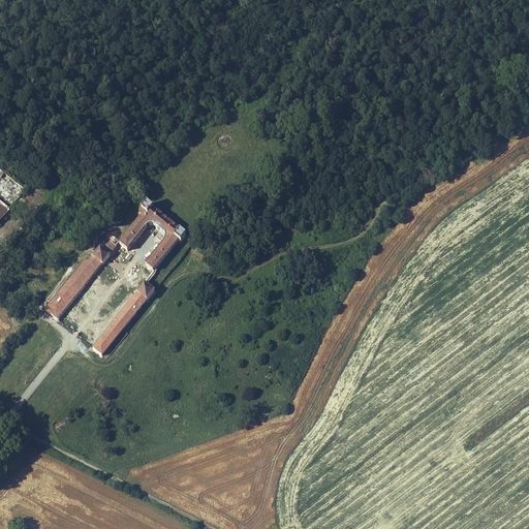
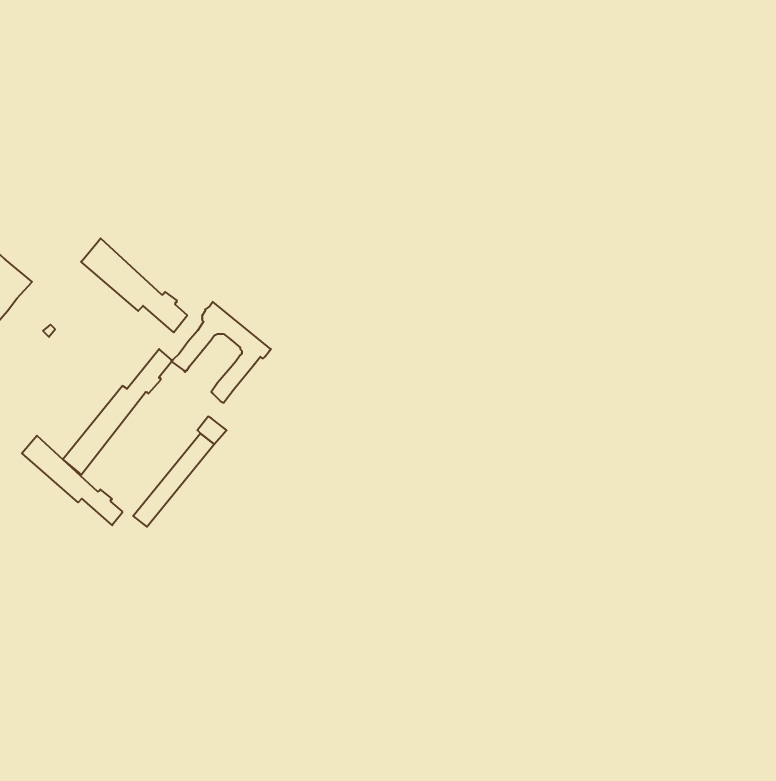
building: none -> [81,238,187,332]
building: none -> [22,436,122,525]

